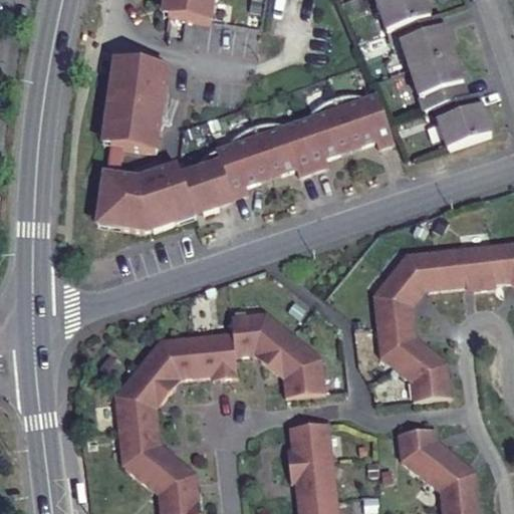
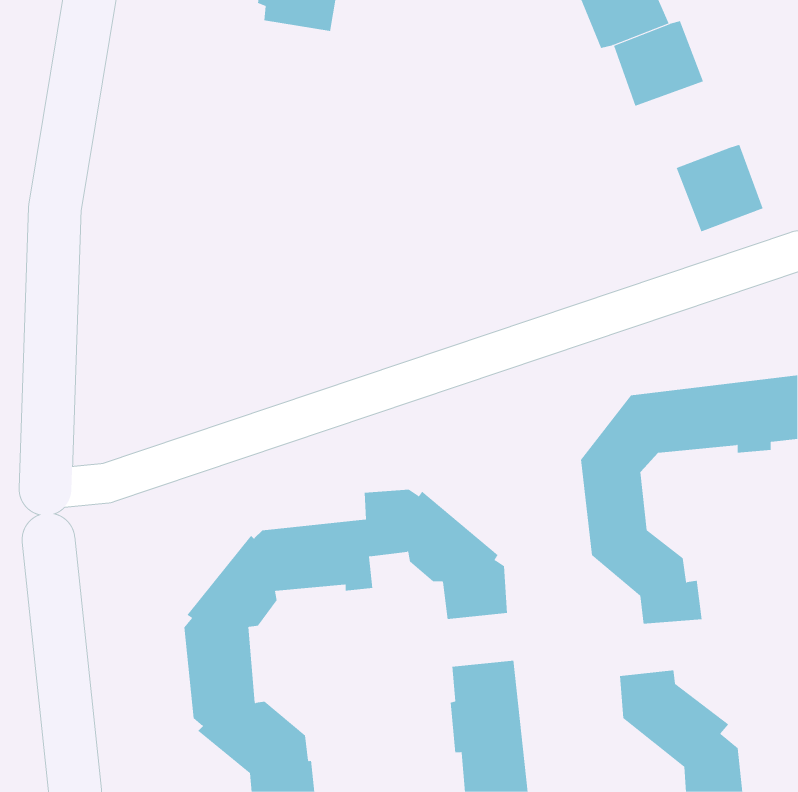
building: [407,52,467,111] -> none
building: [97,55,394,229] -> none

